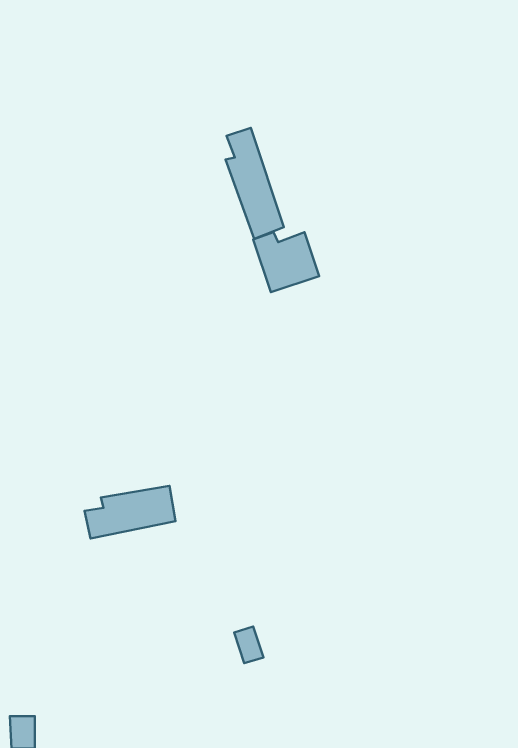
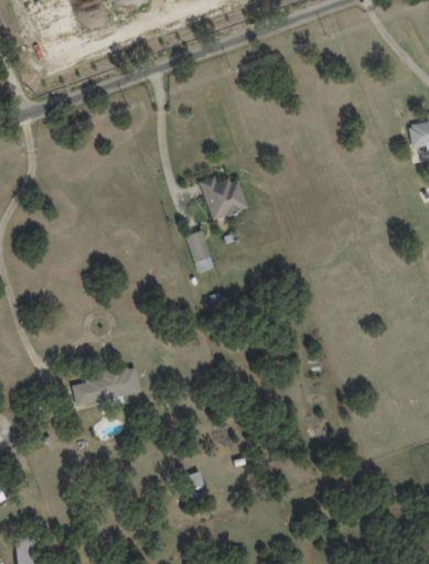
building: [225,128,284,239] -> none
building: none -> [186,230,212,272]

